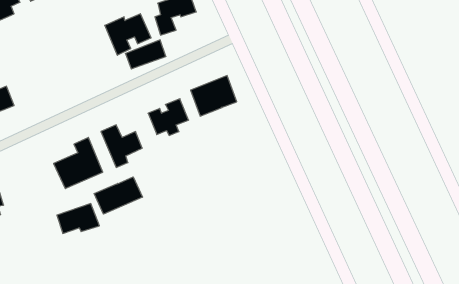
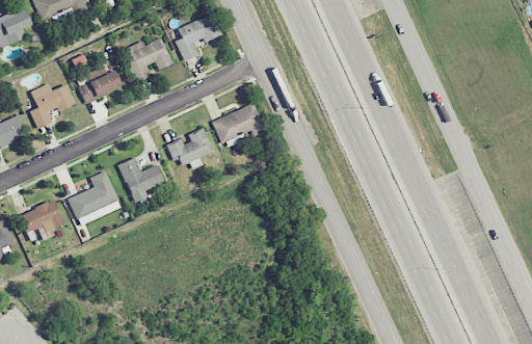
building: [125,40,166,69] -> [78,71,122,102]
building: none -> [29,83,74,129]
building: [94,177,142,214] -> none
building: [57,204,99,233] -> [18,201,63,233]

